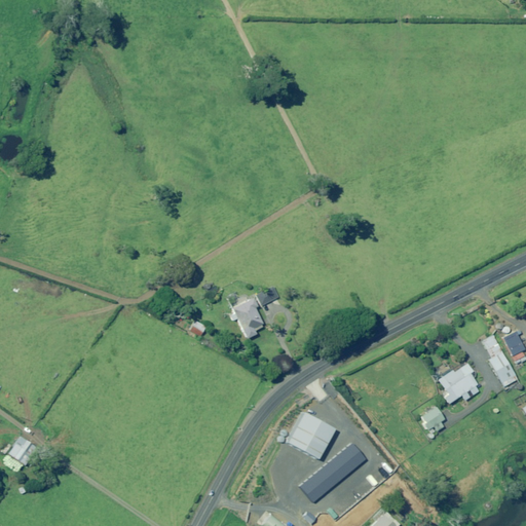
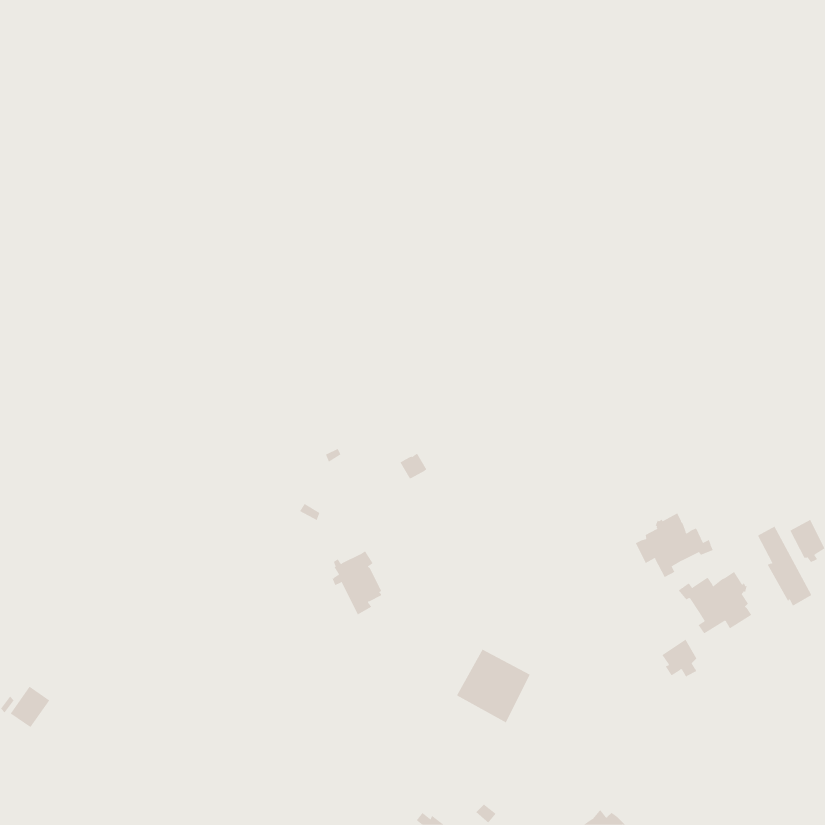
building: [230,297,262,338] -> [332,550,382,615]
building: none -> [635,512,714,578]
building: [300,442,368,505] -> none

